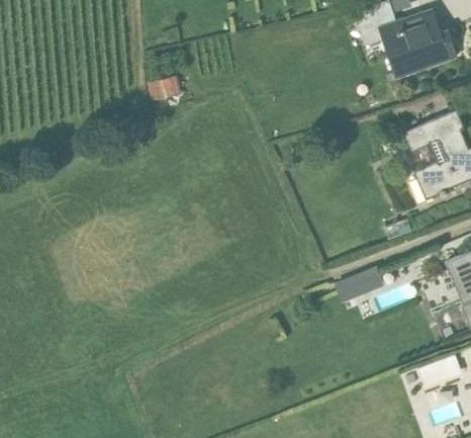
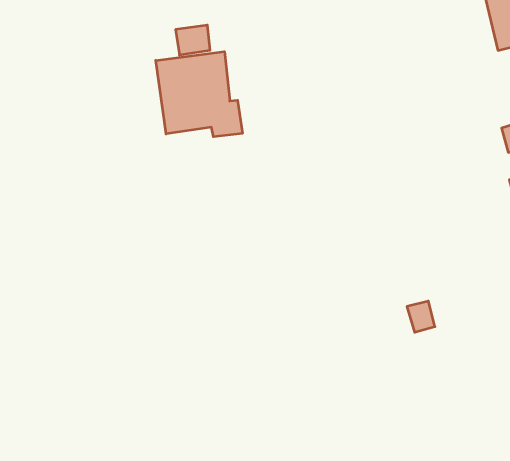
building: none -> [156,52,242,137]

